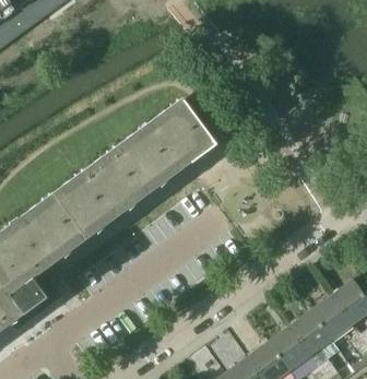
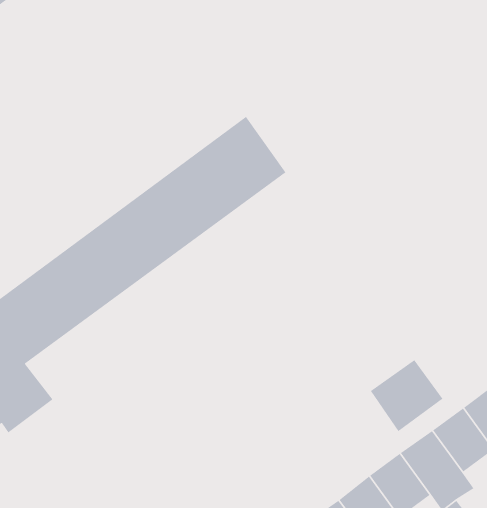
building: none -> [370,359,443,432]

